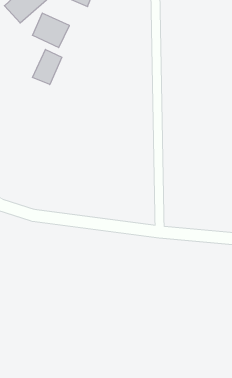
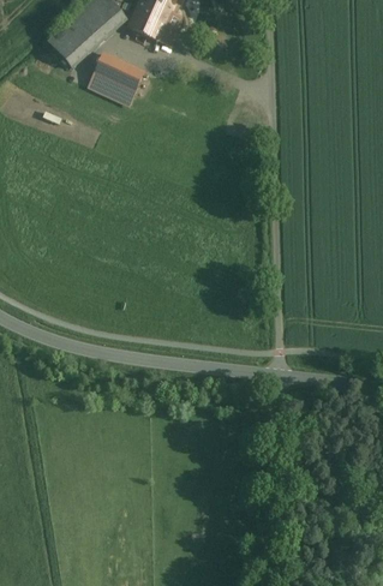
building: [33,49,62,85] -> none

